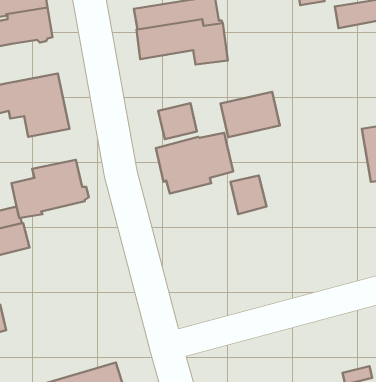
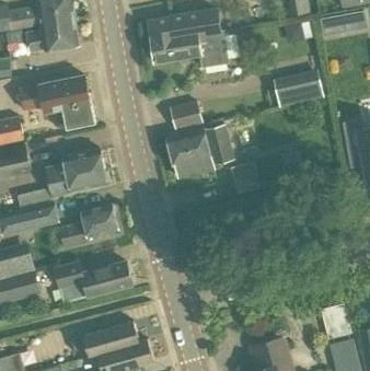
building: [221,92,280,137] -> [273,69,323,107]
building: none -> [57,204,117,247]
building: none -> [53,259,131,301]

